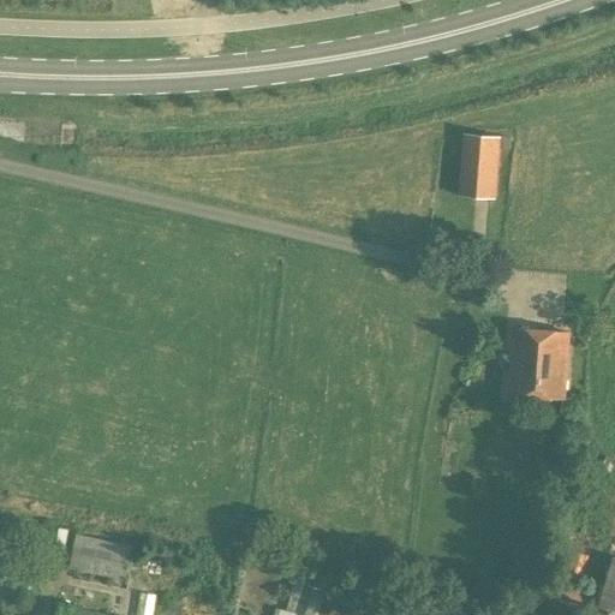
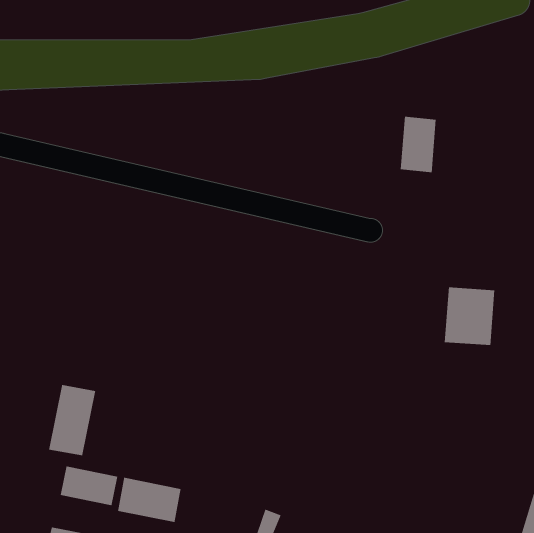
building: none -> [48,384,96,456]
building: none -> [118,477,181,523]

